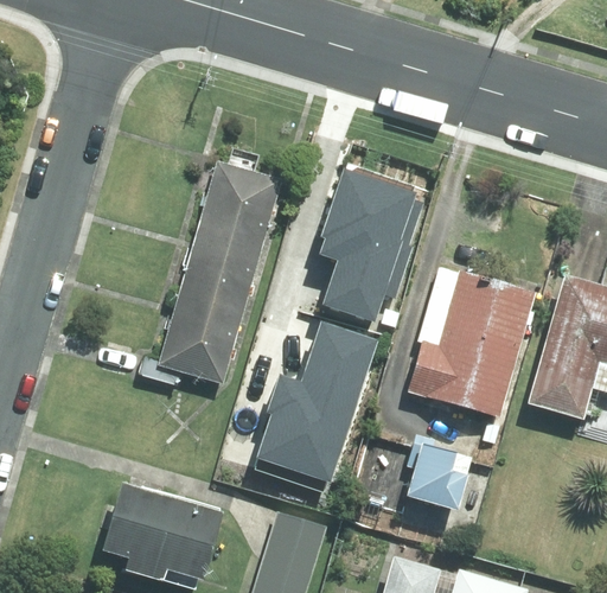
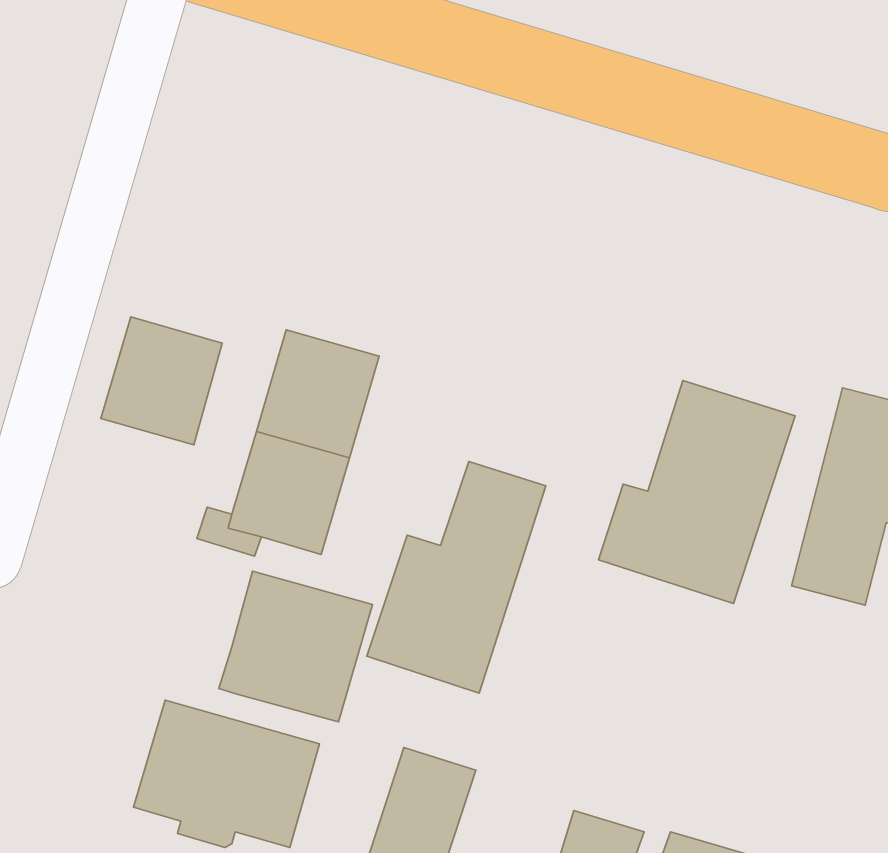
building: [197,165,279,251] -> [101,317,222,445]
building: [317,172,422,320] -> none
building: none -> [219,571,372,722]
building: [409,444,475,510] -> none

